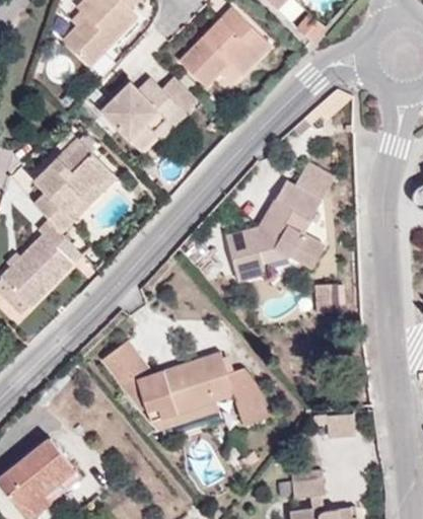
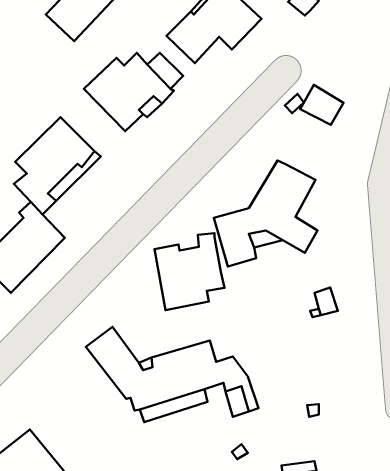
building: [293,160,335,199] -> [300,85,344,125]
building: none -> [155,233,224,310]

